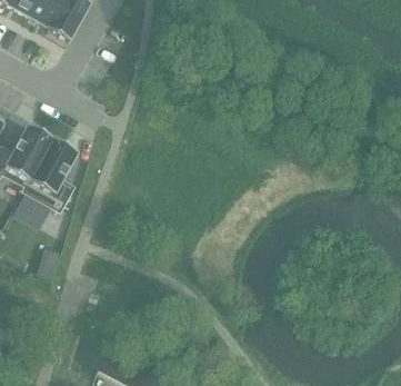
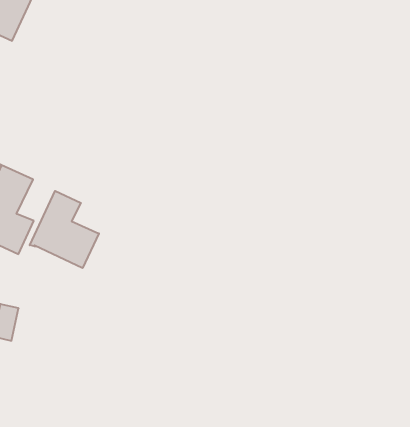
building: none -> [30,191,99,268]

